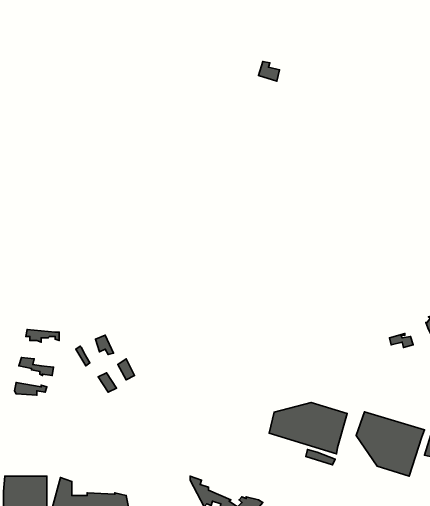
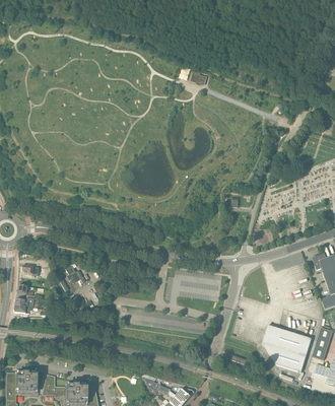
building: [269,403,347,454] -> none

